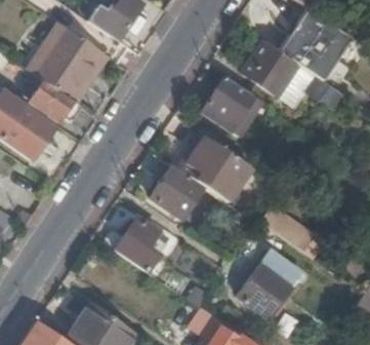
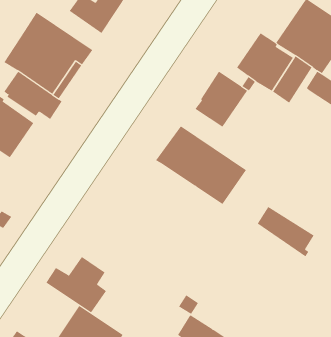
building: [153,164,206,212] -> none
building: [105,218,162,271] -> [46,256,107,313]
building: [238,257,302,311] -> none

